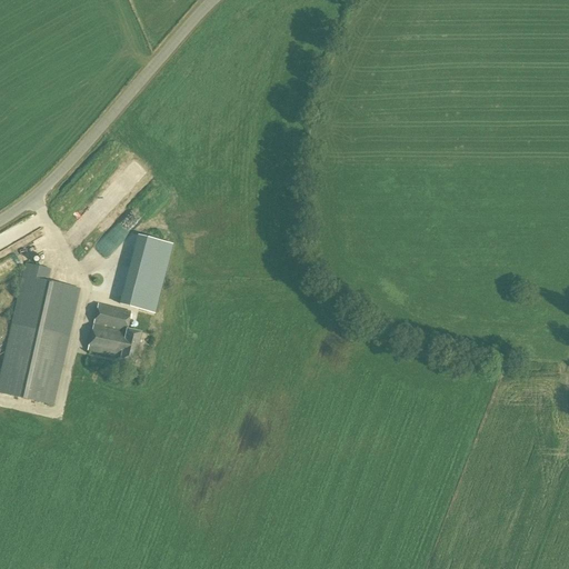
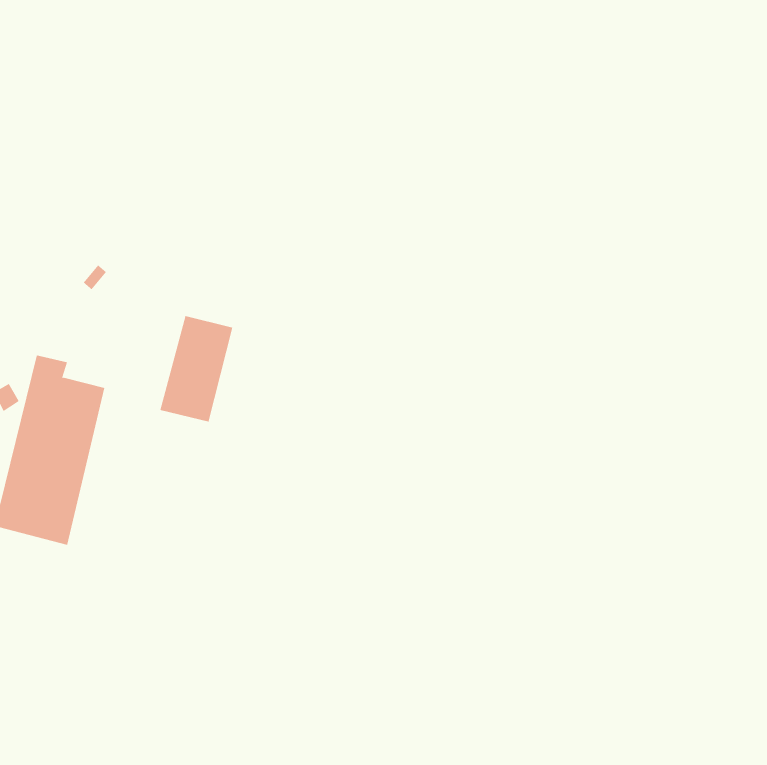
building: [87,301,140,361] -> none

